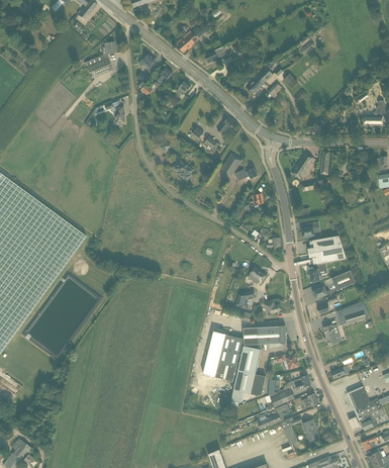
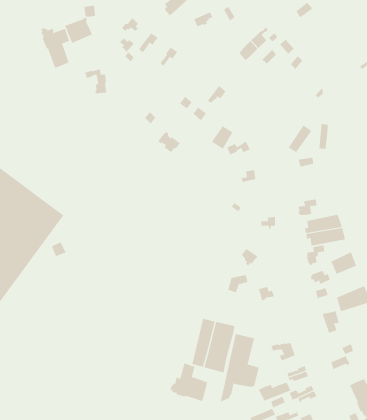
building: none -> [40,27,71,68]
building: [244,326,286,346] -> none
building: none -> [170,363,208,402]

